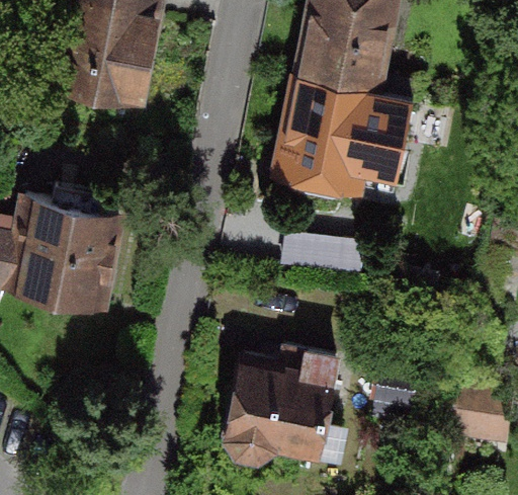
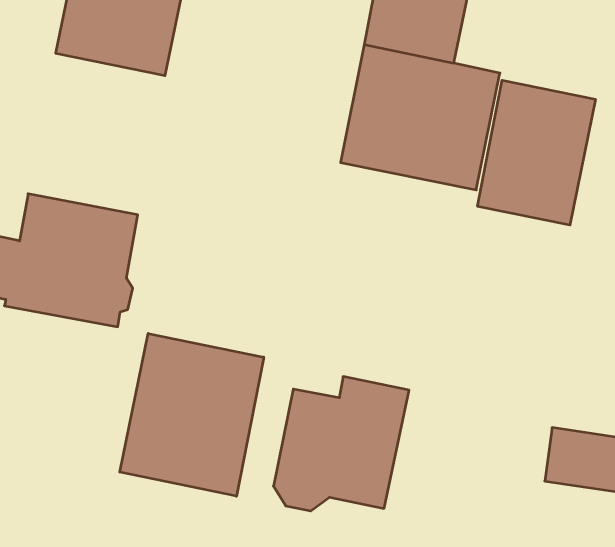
building: none -> [478,80,595,225]
building: none -> [120,333,264,496]

